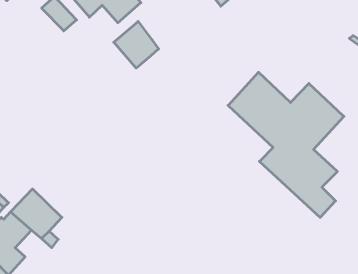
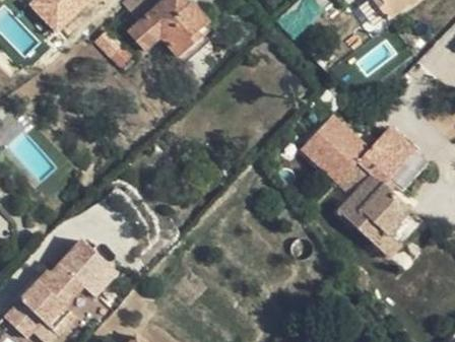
building: [114,21,159,68] -> none

